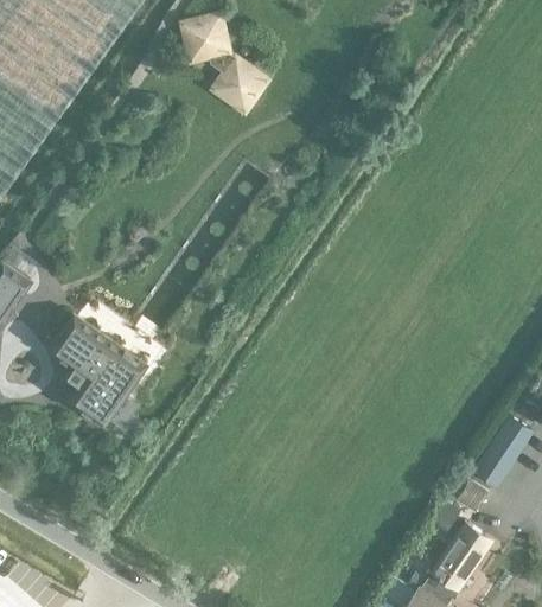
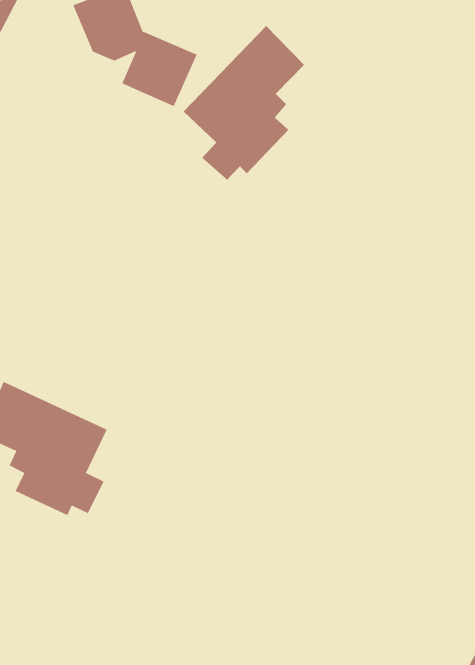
building: none -> [183,25,305,181]

